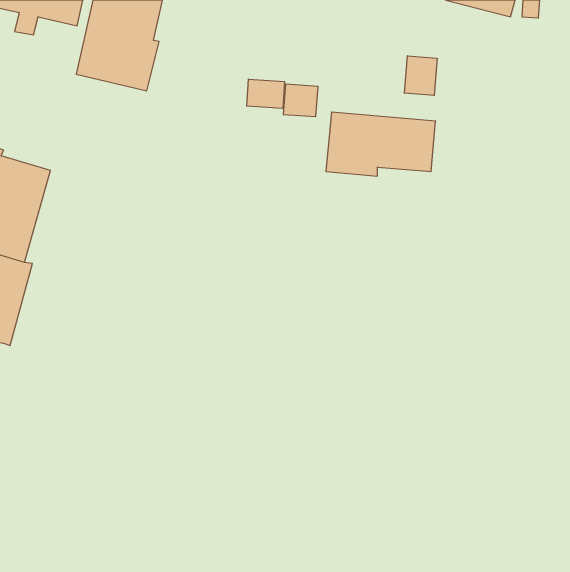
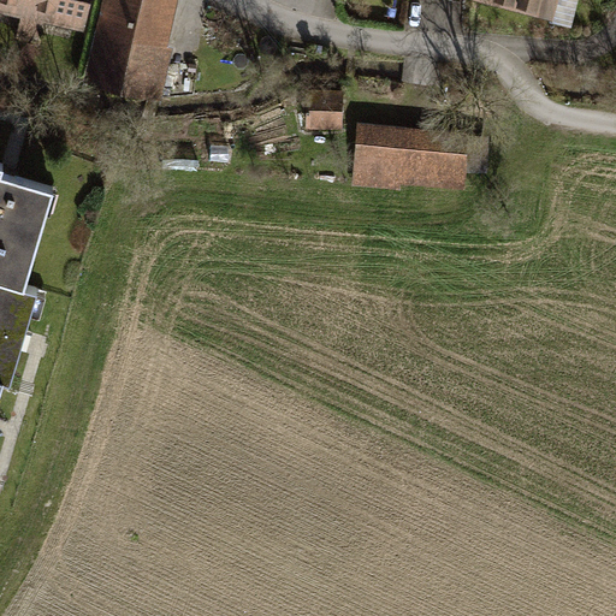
building: [404,56,437,96] -> none
building: [247,79,285,109] -> none

